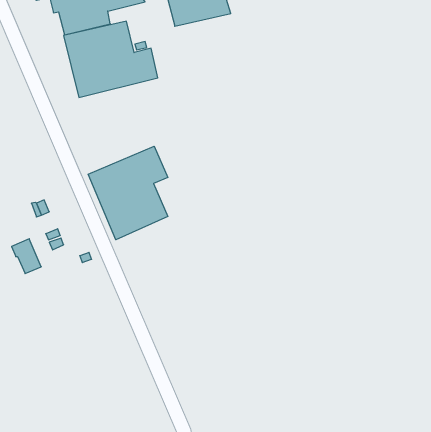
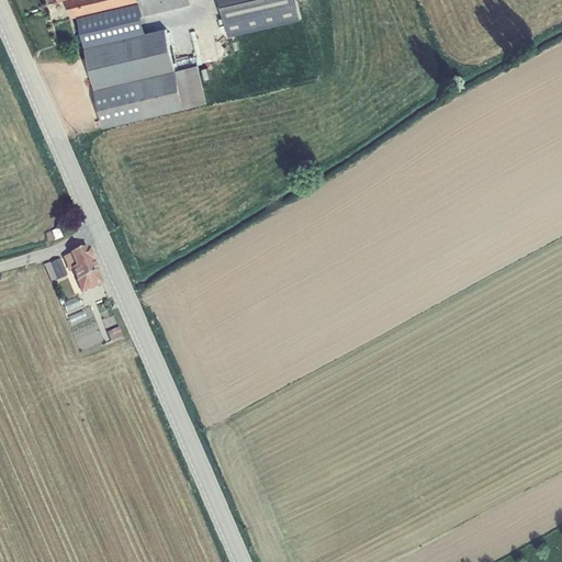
building: [88,146,168,240] -> none
building: [12,239,41,274] -> [60,247,99,292]

